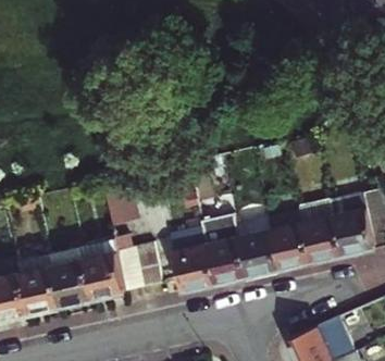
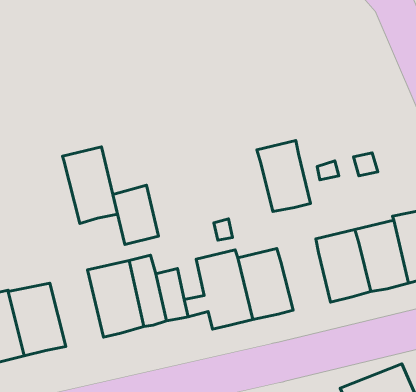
building: [236,217,280,275] -> [257,140,311,212]
building: [51,242,96,304] -> [62,147,118,224]

